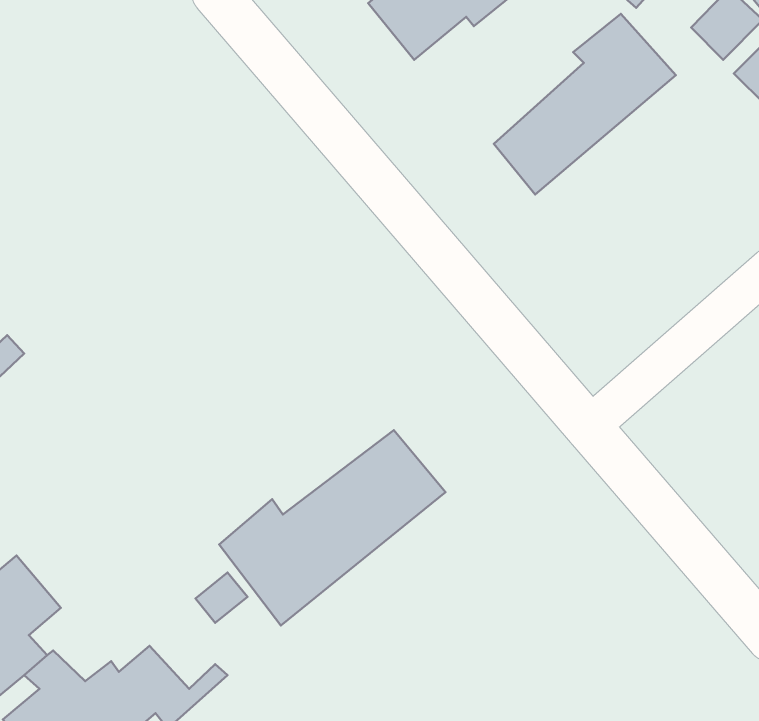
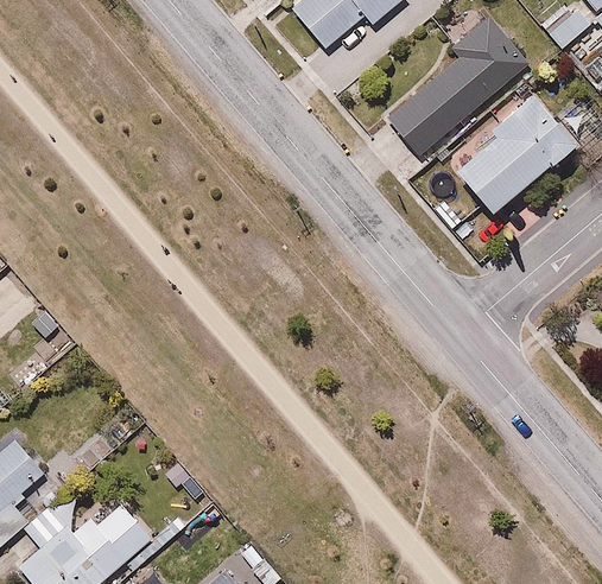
building: none -> [455,94,577,215]
building: [219,430,445,625] -> none

